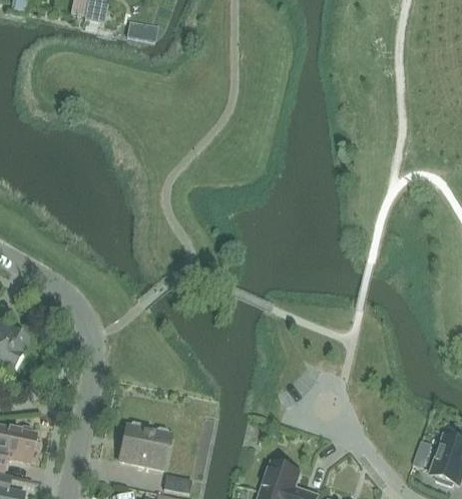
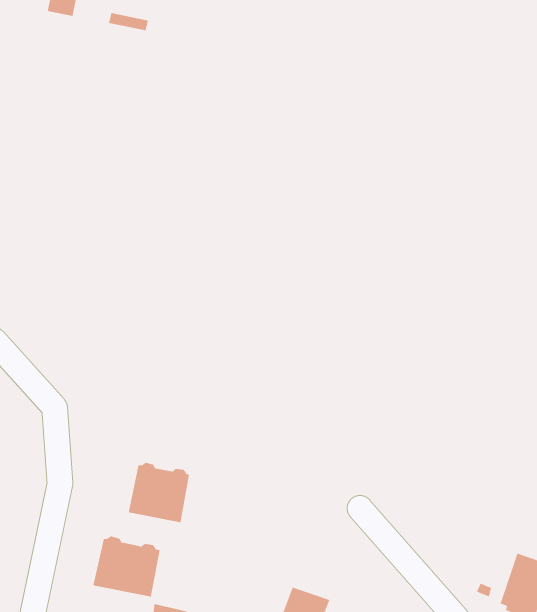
building: none -> [128,462,190,523]

